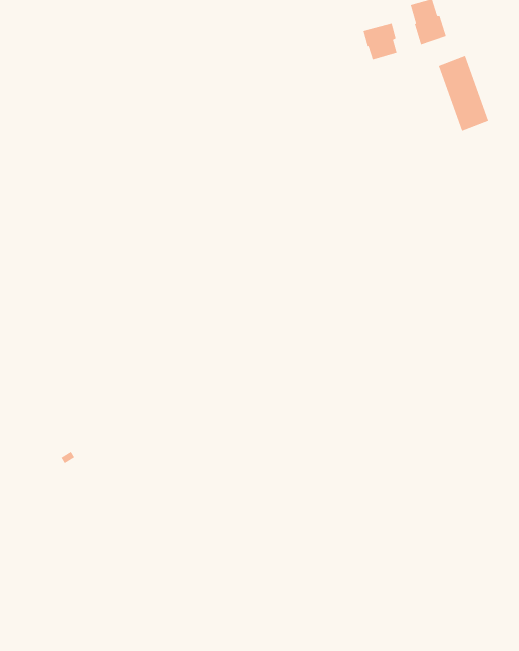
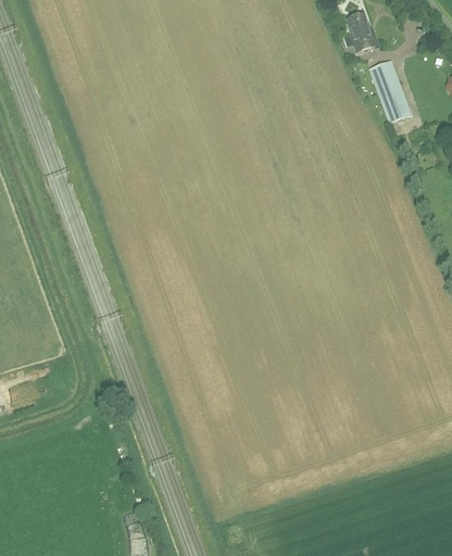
building: [362,22,398,61] -> none

